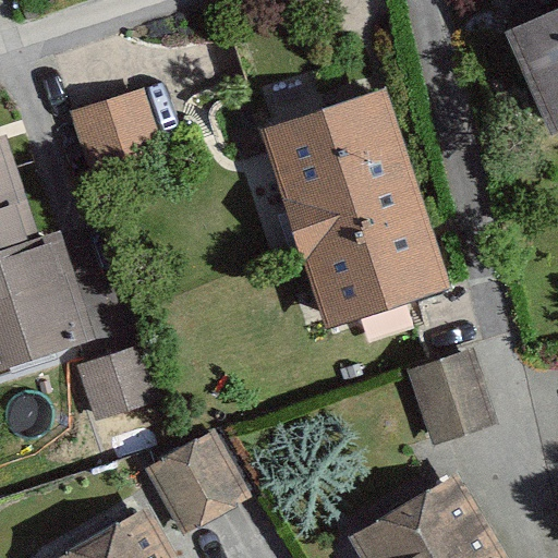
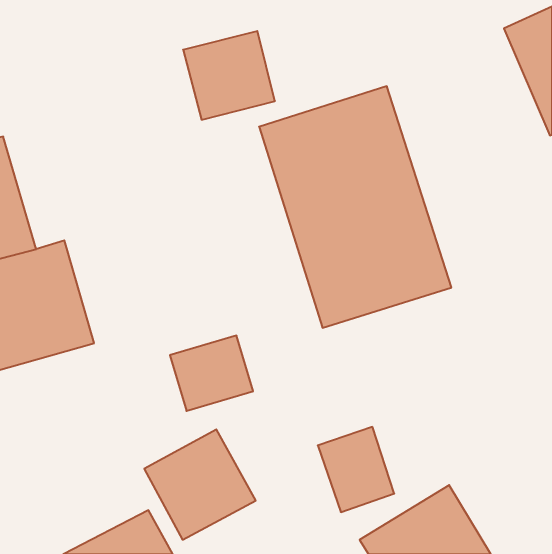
building: [70,93,161,181] -> [183,31,275,120]
building: [77,345,160,421] -> [170,336,253,411]
building: [412,354,488,439] -> [318,427,394,512]

